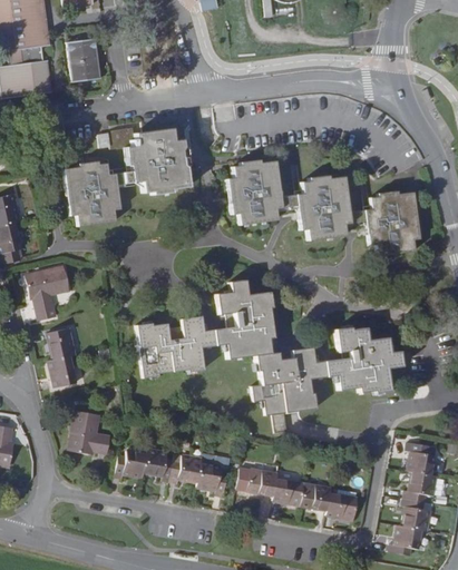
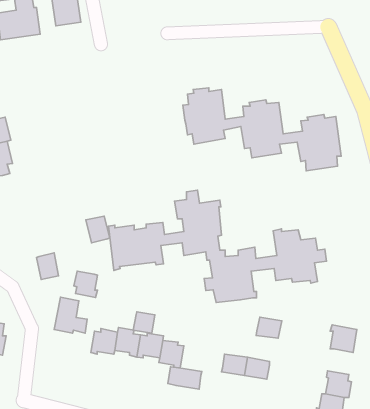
building: [66,125,189,224] -> none
building: [26,267,69,311] -> none
building: [47,327,76,360] -> [86,216,110,243]
building: none -> [74,271,97,297]
building: none -> [133,312,155,333]
building: [237,468,279,494] -> [168,367,202,389]
building: [402,471,437,502] -> none
building: [328,491,359,517] -> [256,317,282,338]

